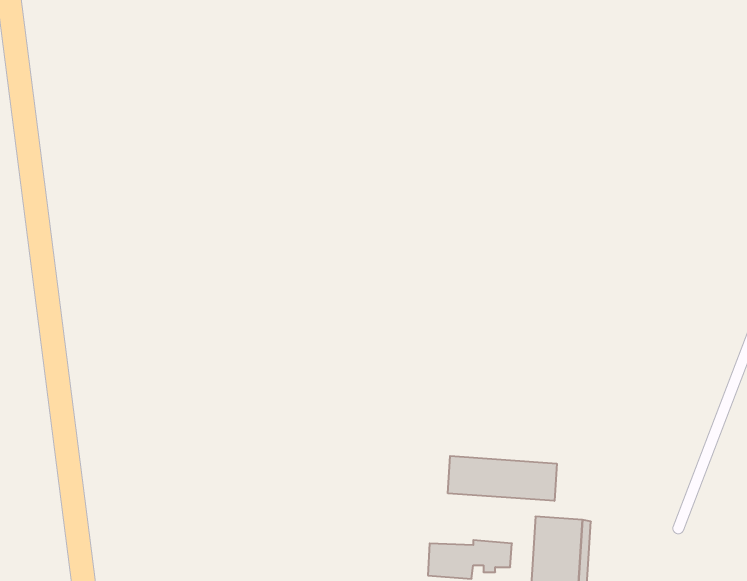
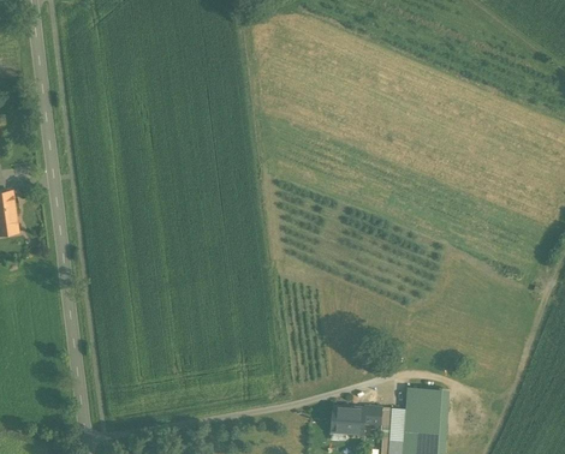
building: [448,456,557,501] -> none

